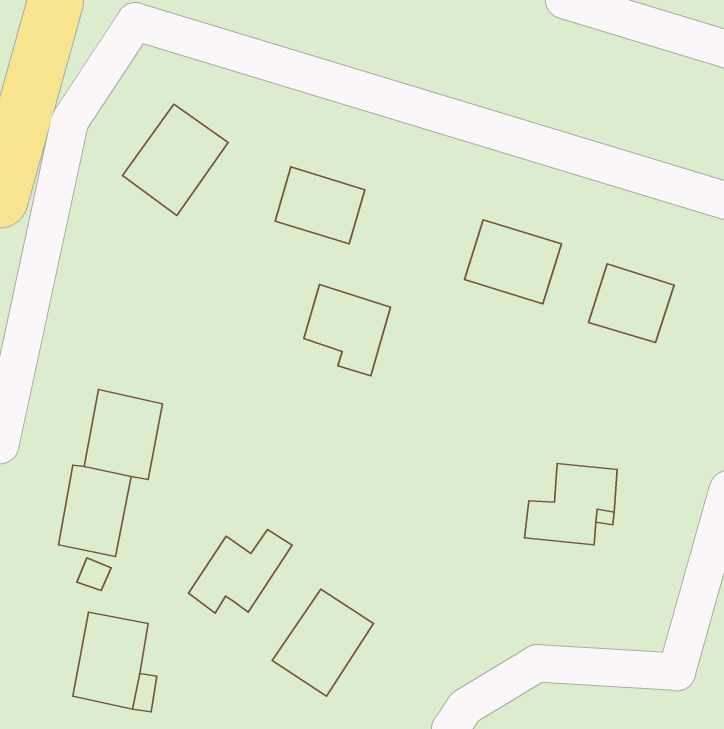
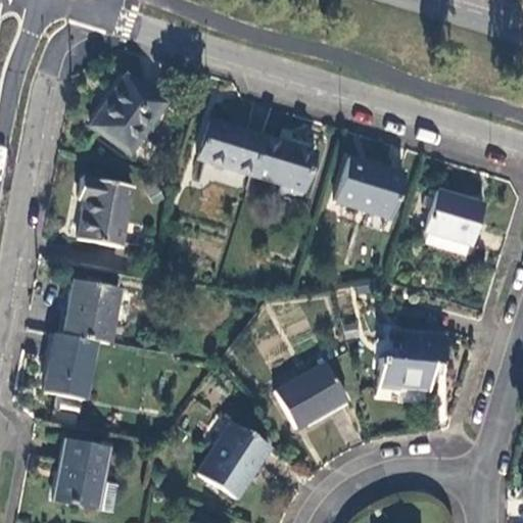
building: none -> [78,177,133,246]
building: [304,284,391,376] -> [253,136,316,201]
building: none -> [276,362,348,428]
building: [188,530,292,613] -> none

